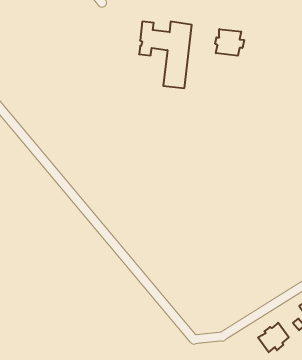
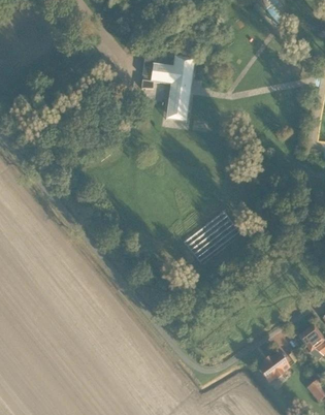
building: [215,29,244,56] -> none

